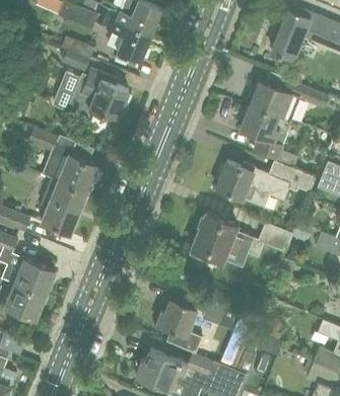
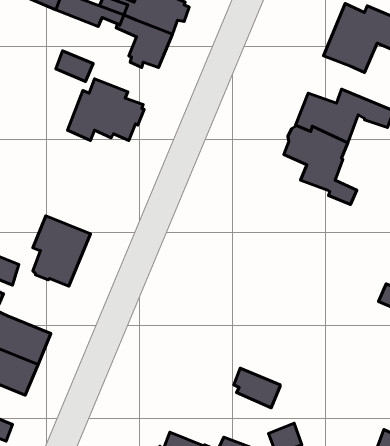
building: [28,130,99,192] -> none
building: [216,161,316,208] -> none
building: [192,213,292,263] -> none
building: [155,298,203,353] -> none

